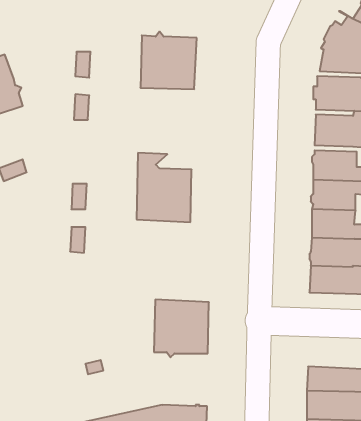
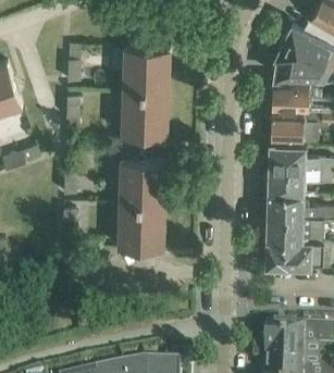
building: none -> [121,86,169,142]
building: [154,300,209,357] -> [119,198,165,247]

